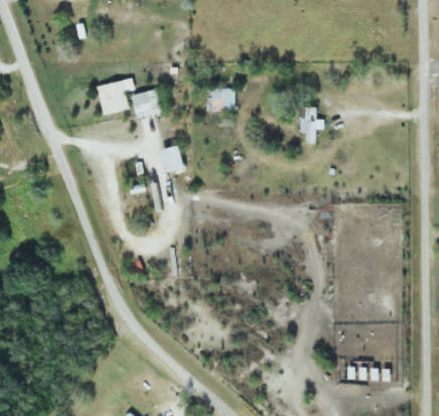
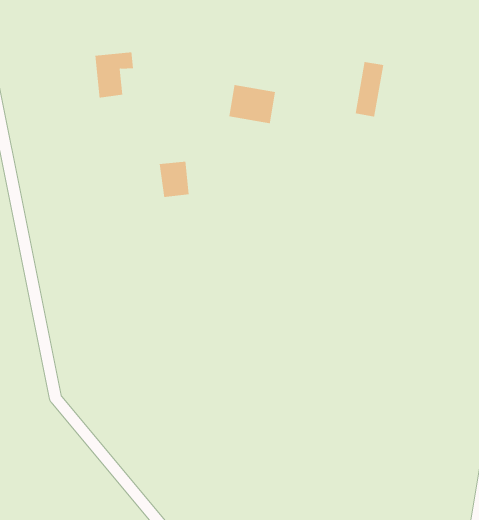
building: [130,90,159,118] -> none
building: [301,107,315,143] -> [355,61,384,117]

